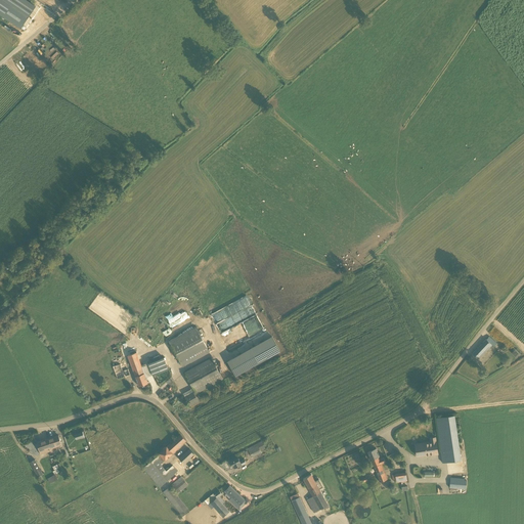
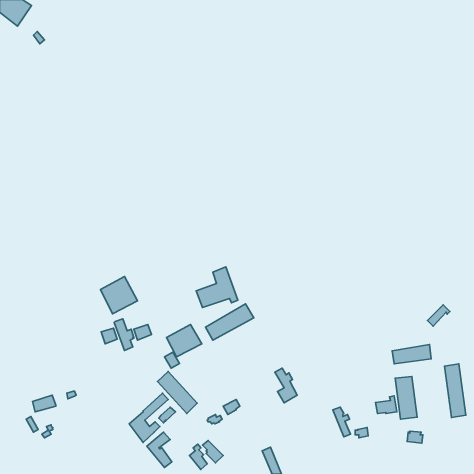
building: [168,325,209,366] -> [100,277,138,314]
building: none -> [392,345,431,364]
building: none -> [444,364,466,418]
building: none -> [158,371,197,413]
building: [302,474,326,512] -> [275,368,297,403]

